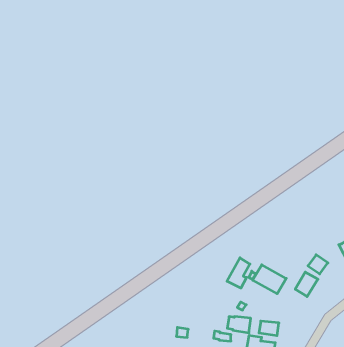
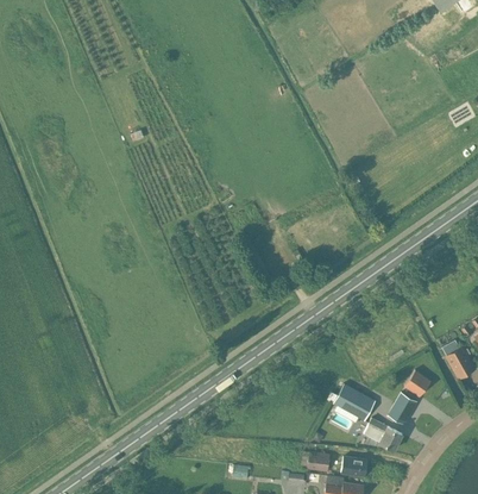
building: [227,258,250,288] -> none
building: none -> [364,418,403,449]

